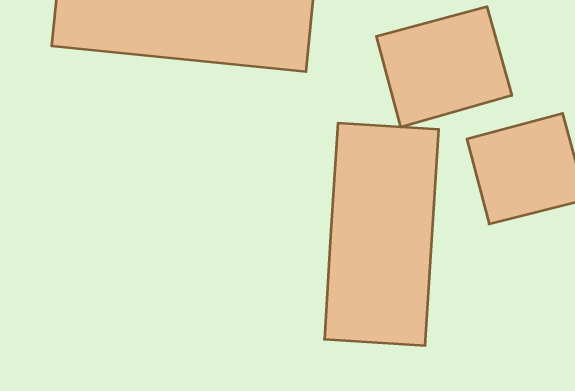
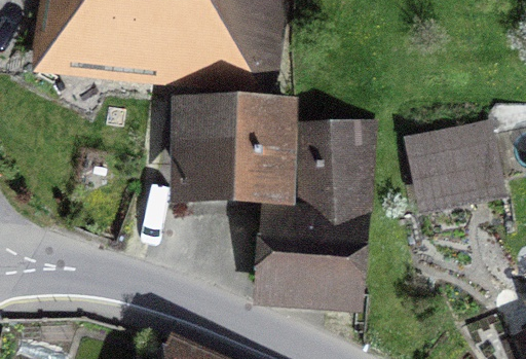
building: [376,7,512,127] -> none
building: none -> [181,100,295,216]

